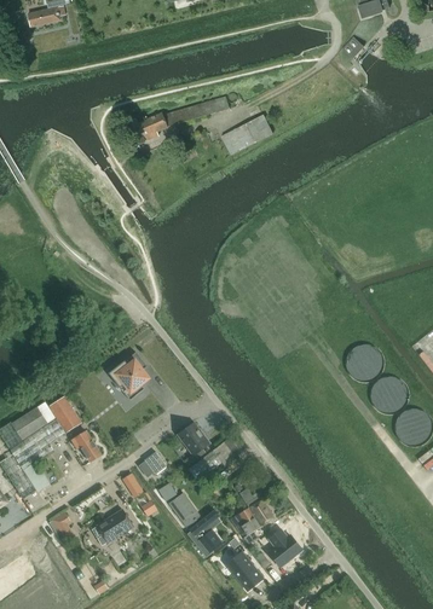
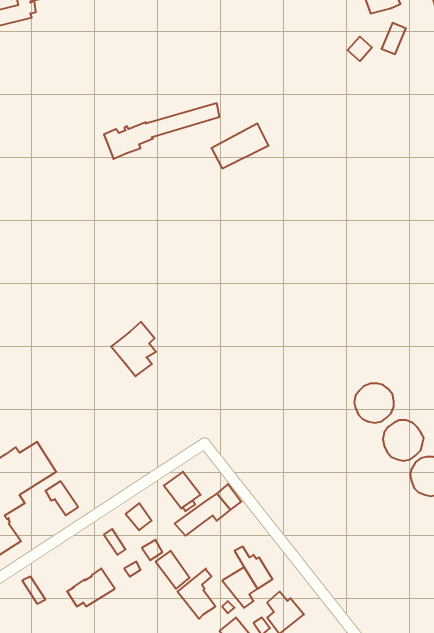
building: [109,352,149,400] -> [111,322,156,376]

